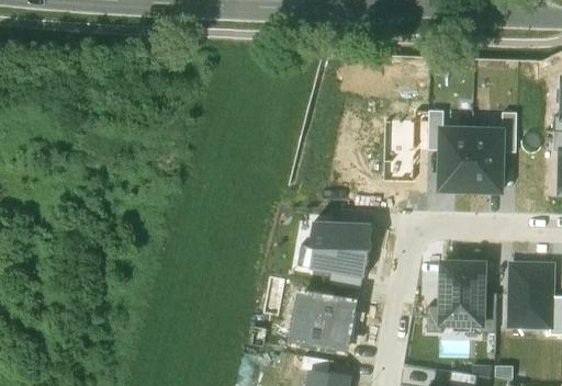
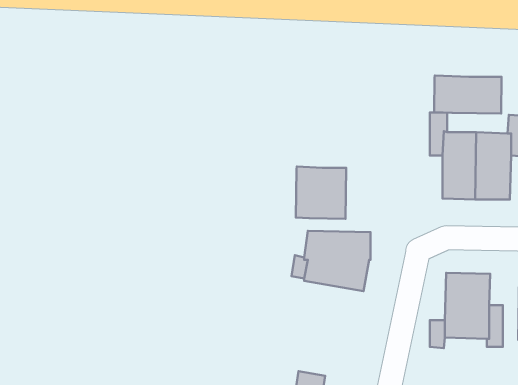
building: none -> [434,75,502,114]
building: none -> [296,166,346,219]
building: [291,292,359,351] -> none

